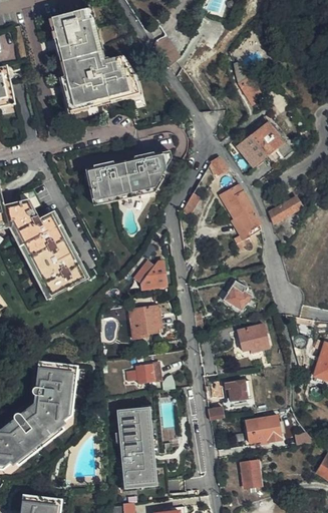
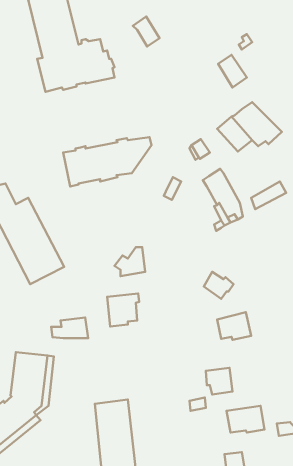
building: [125,362,161,382] -> [51,318,88,338]

